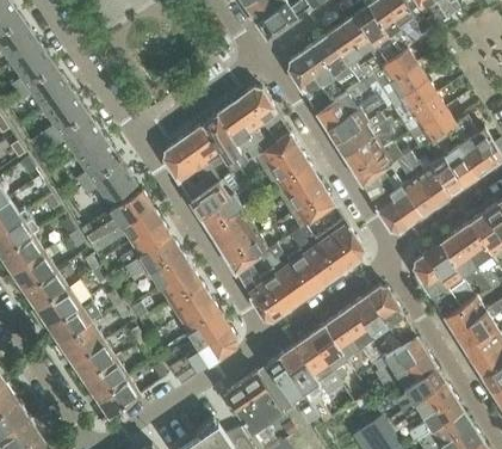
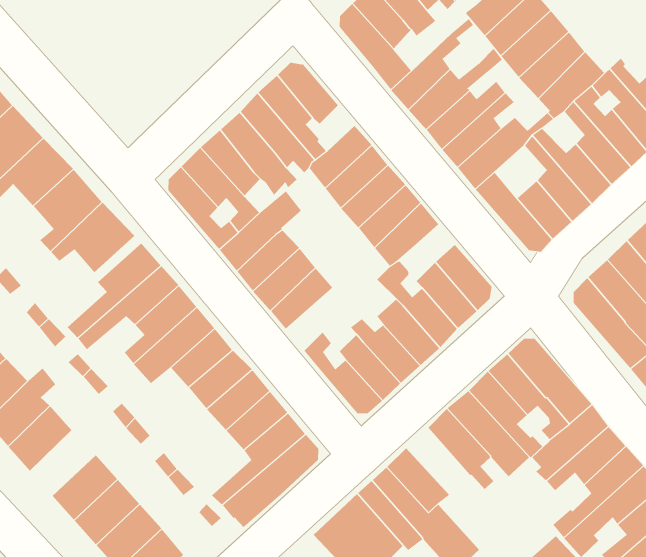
building: [227,238,284,276] -> none
building: [49,306,93,346] -> none
building: [293,337,342,398] -> none

